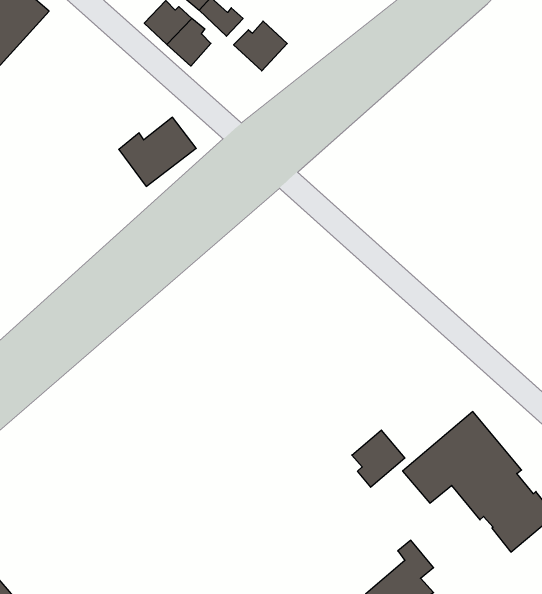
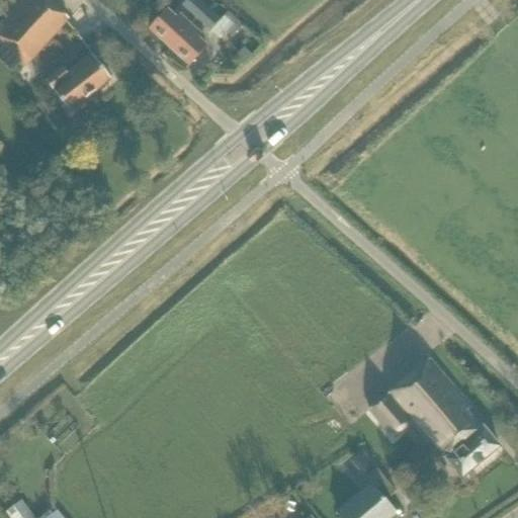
building: [234,21,287,71] -> none
building: [119,117,196,186] -> [46,53,111,111]
building: [352,430,405,487] -> none

